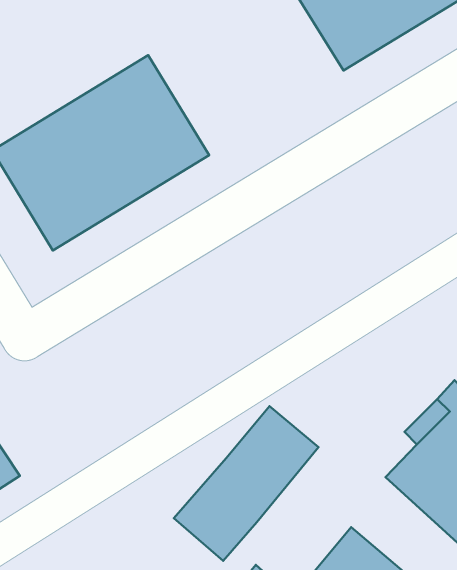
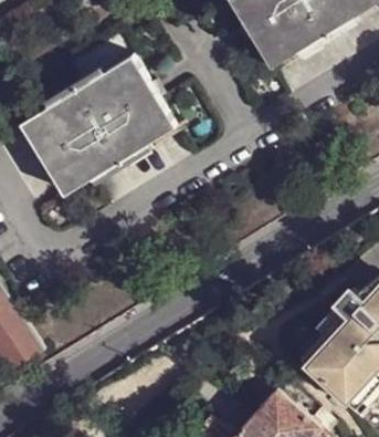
building: [174,406,319,561] -> none

